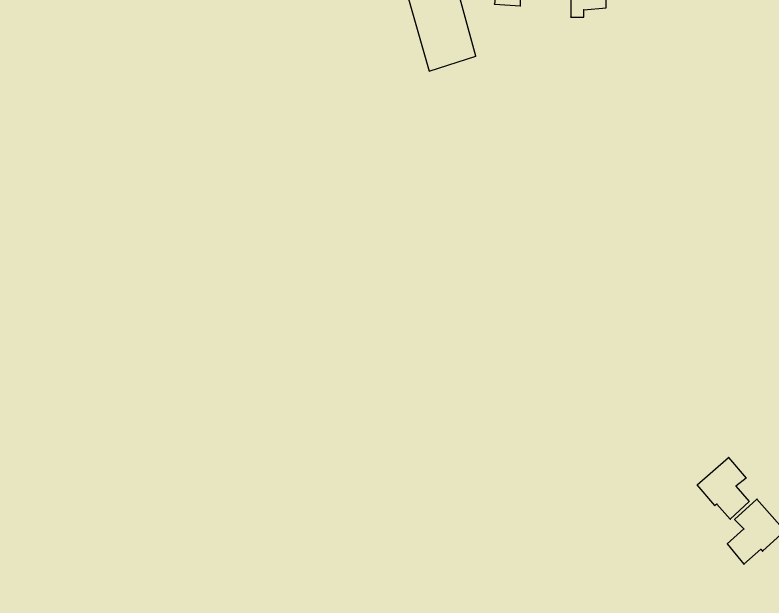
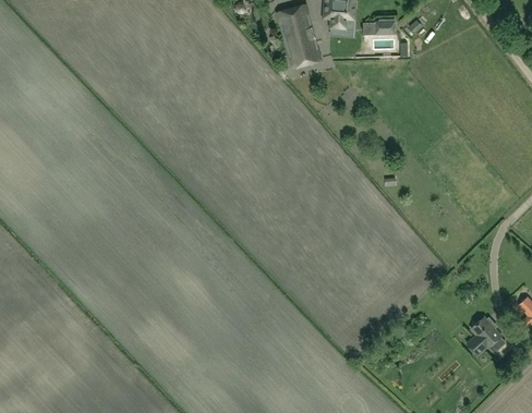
building: [697,457,749,519] -> none

